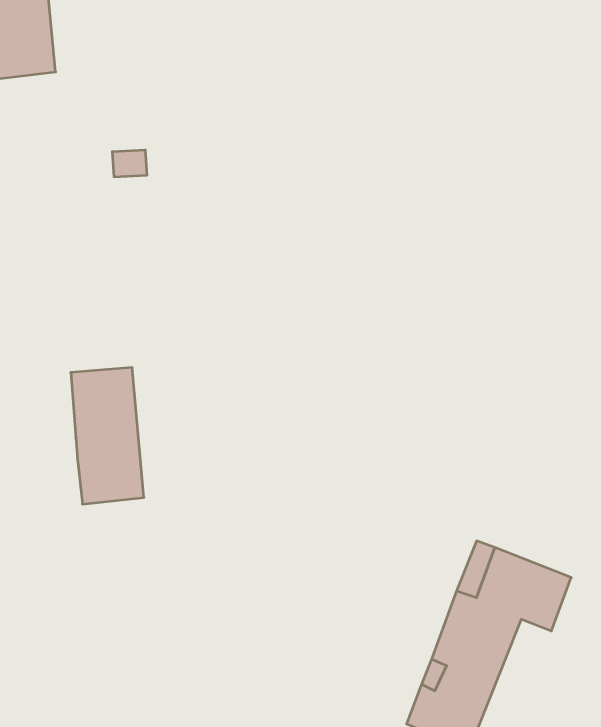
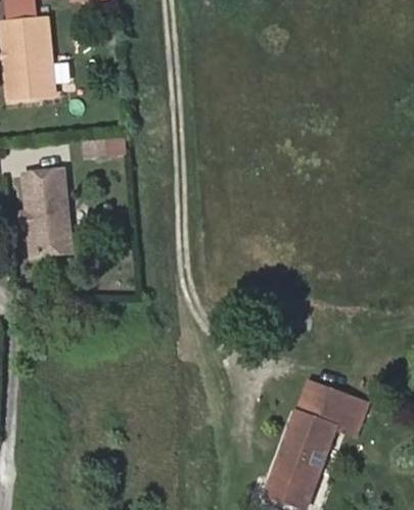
building: [71,368,144,504] -> [24,171,68,254]

